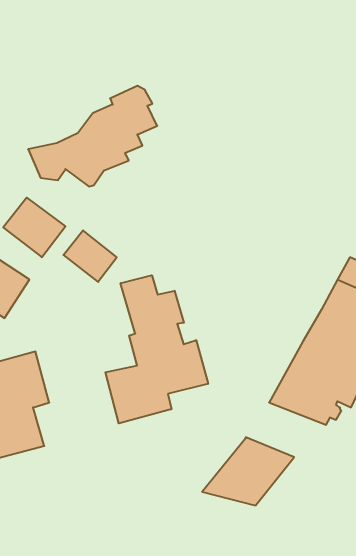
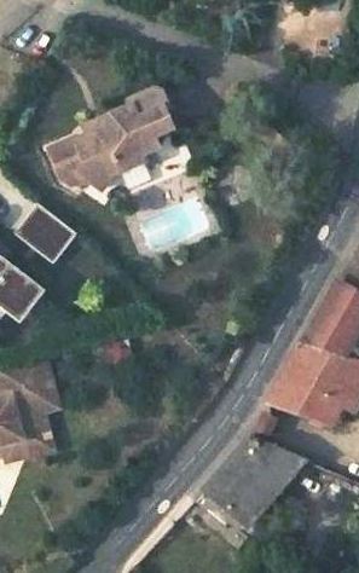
building: [63,230,117,282] -> none
building: [105,275,208,423] -> none

